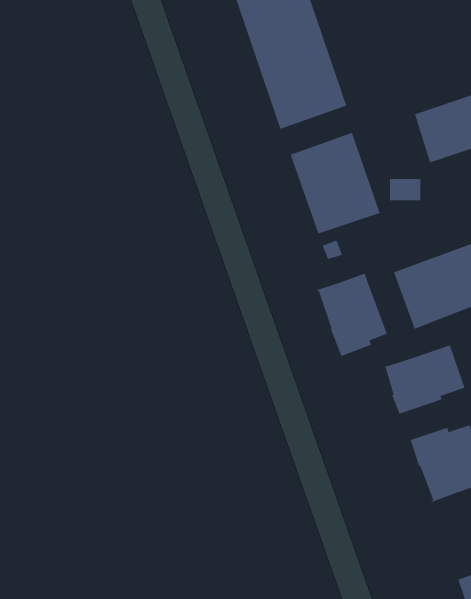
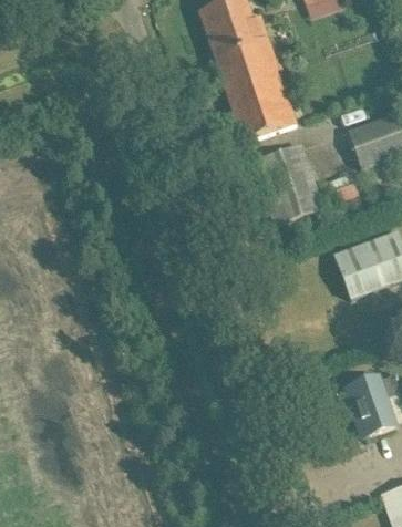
building: [316,273,387,357] -> none
building: [382,345,465,415] -> none

